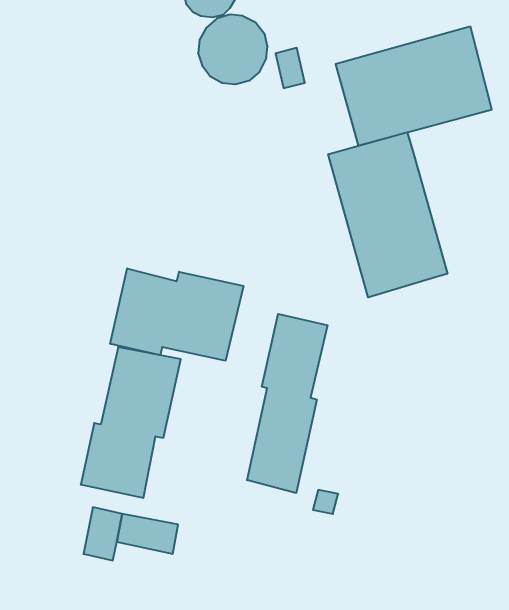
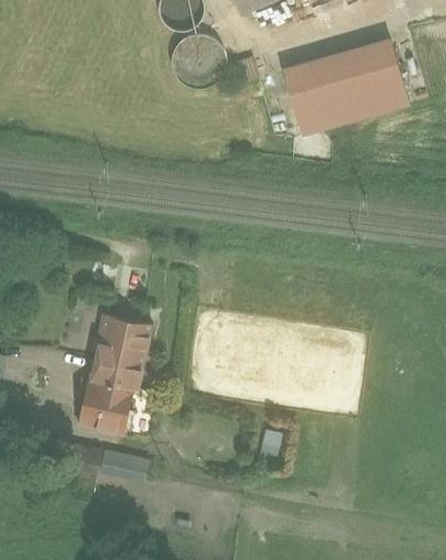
building: [328,132,447,297] -> none
building: [110,268,243,361] -> none
building: [247,314,328,493] -> none

